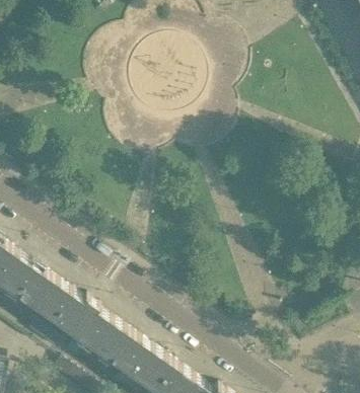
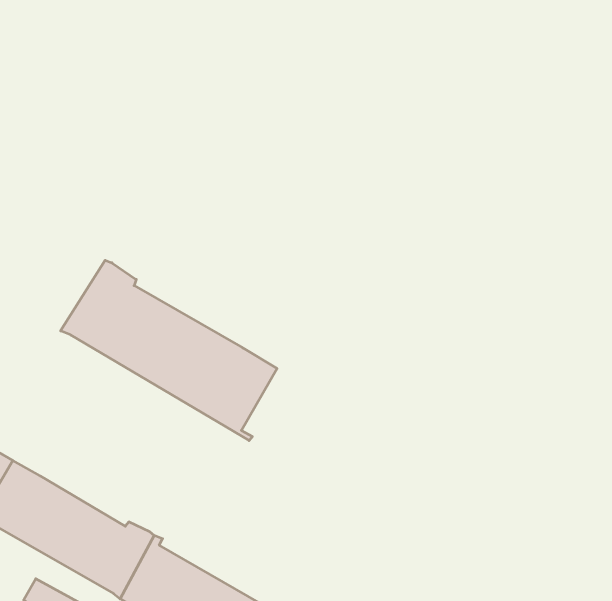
building: none -> [61,260,277,441]

